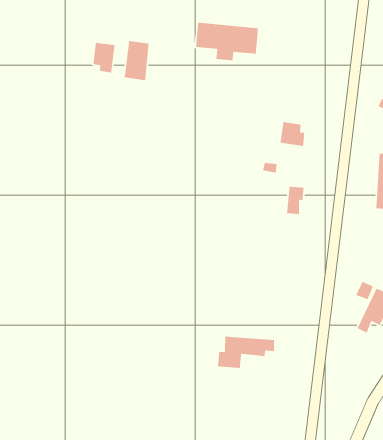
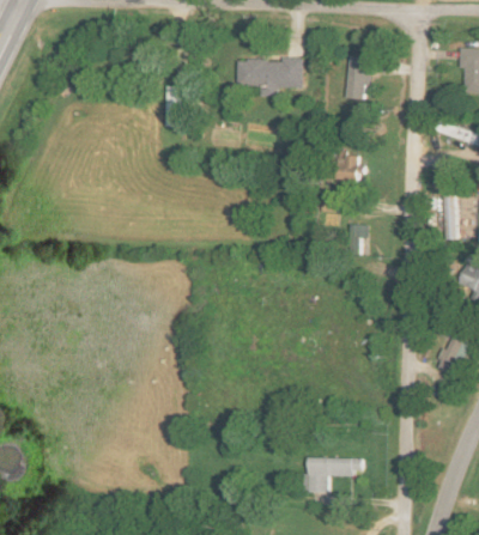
building: none -> [346,56,372,98]
building: [93,42,115,73] -> none
building: [217,336,275,369] -> [301,457,360,492]

